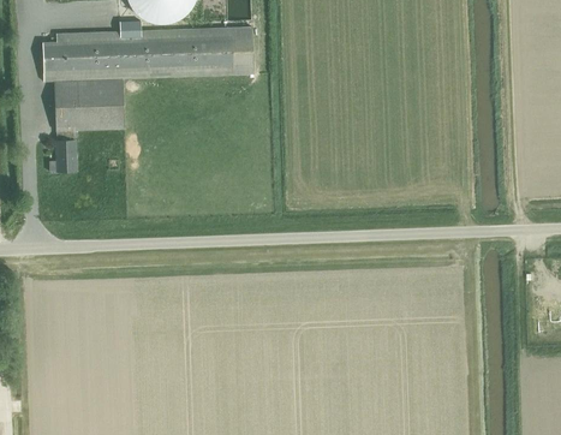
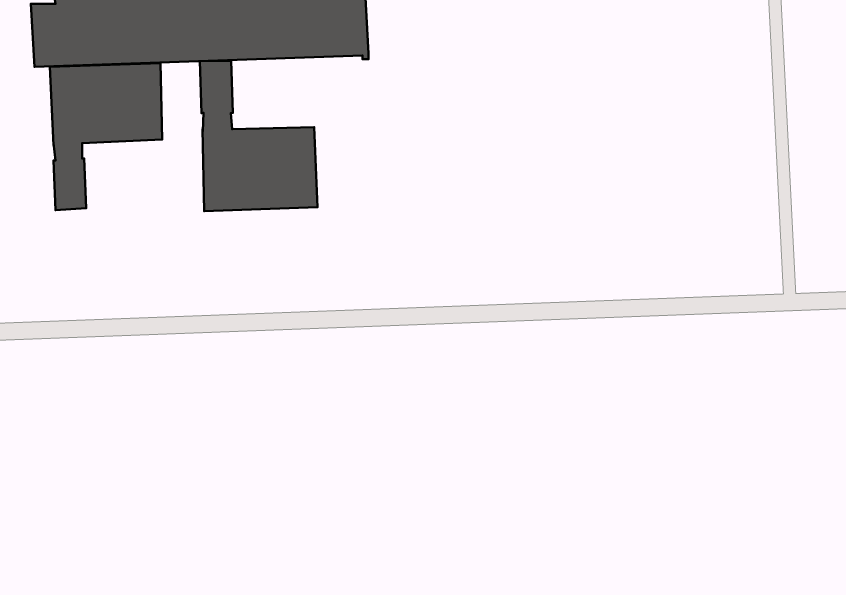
building: none -> [200,61,318,211]

